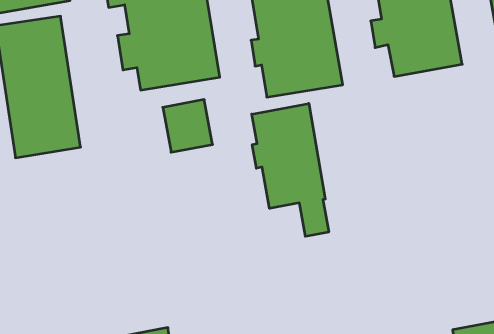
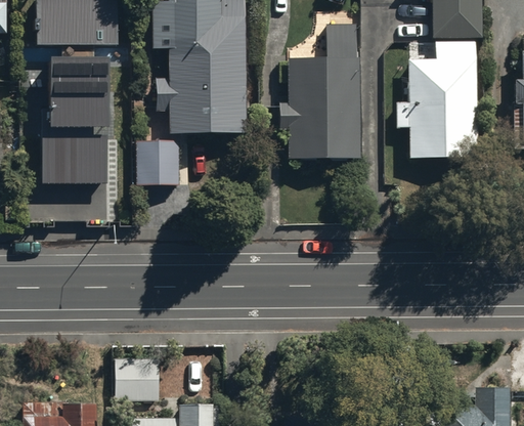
building: [163,100,213,152] -> [139,139,180,183]
building: [252,103,329,236] -> none

